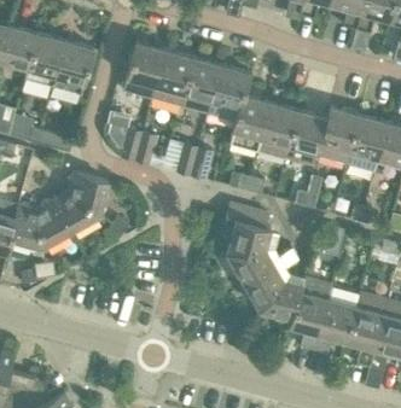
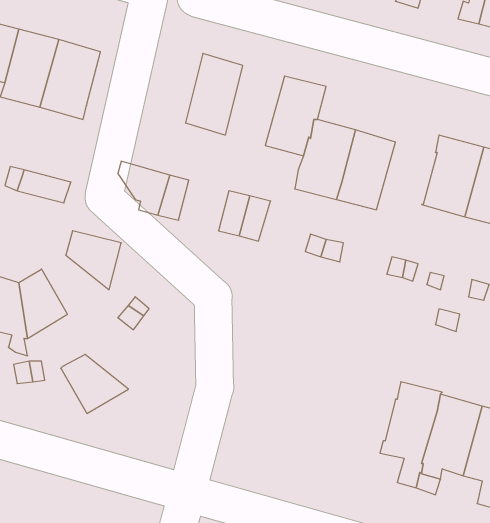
building: [123,41,165,97] -> none
building: [181,57,222,112] -> none
building: [286,110,329,165] -> none
building: [53,188,100,229] -> [61,354,128,413]
building: [227,202,302,317] -> none

